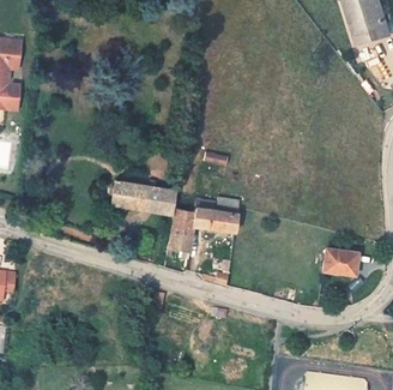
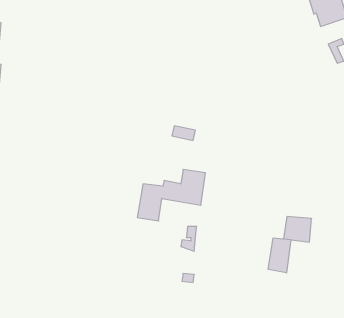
building: [110,185,175,220] -> none
building: none -> [268,238,291,273]

